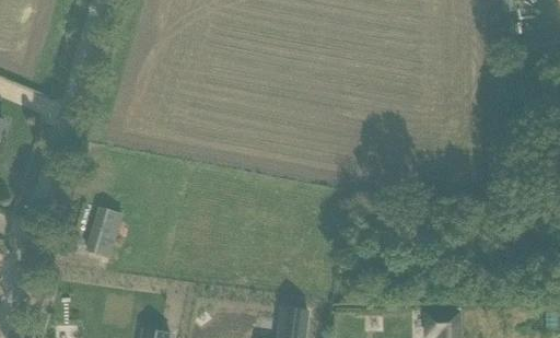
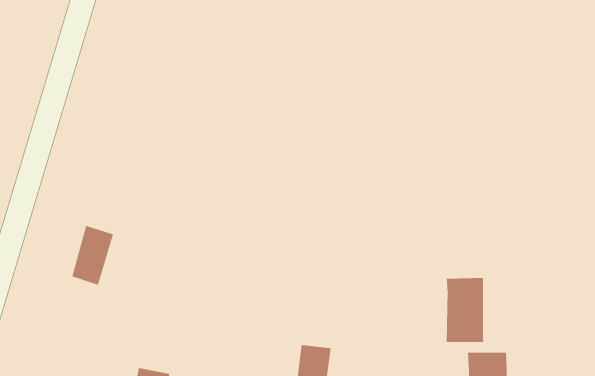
building: none -> [446,277,484,343]

